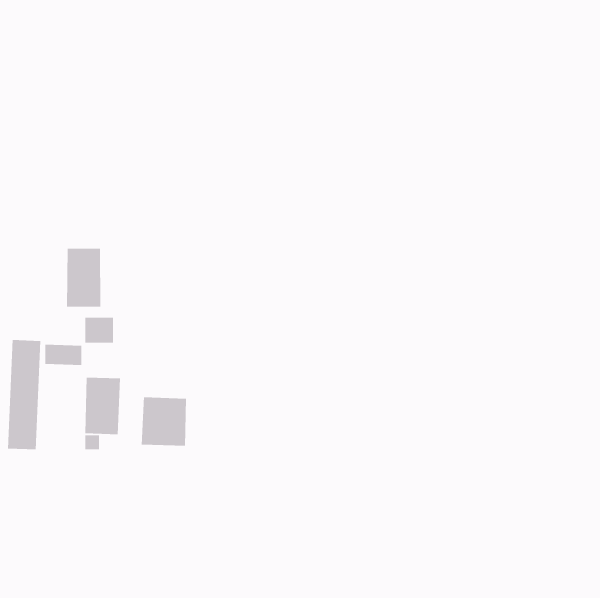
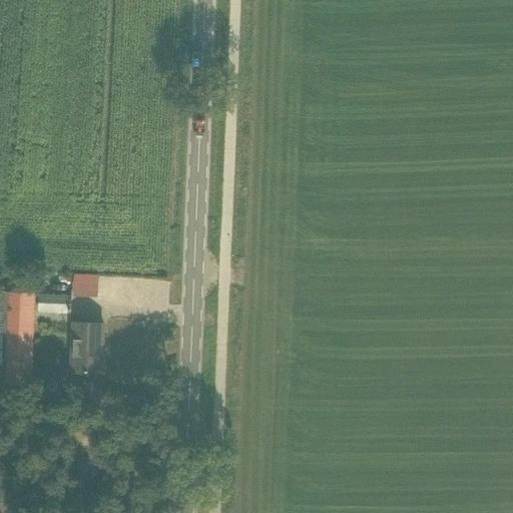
building: [66,248,101,307] -> none
building: [141,397,187,447] -> none

